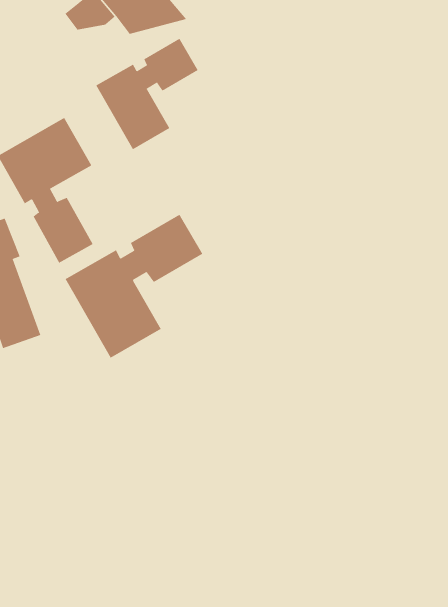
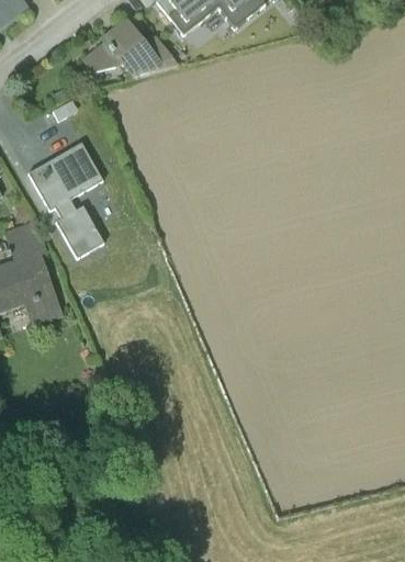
building: [96,38,199,150] -> none
building: [65,214,203,359] -> none

